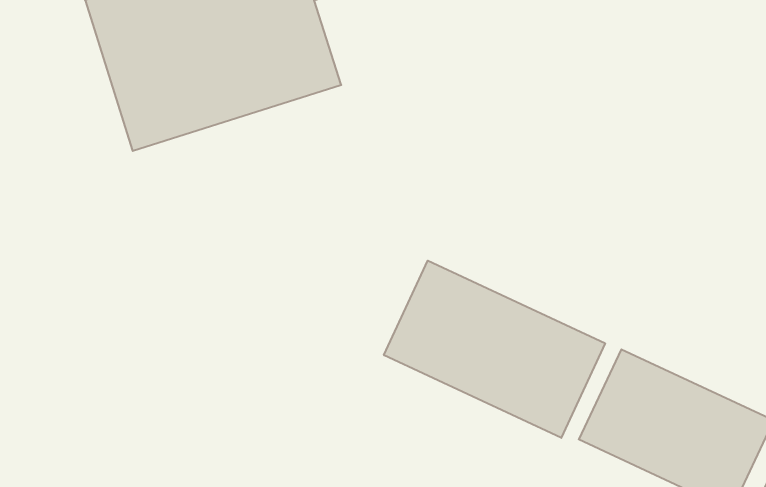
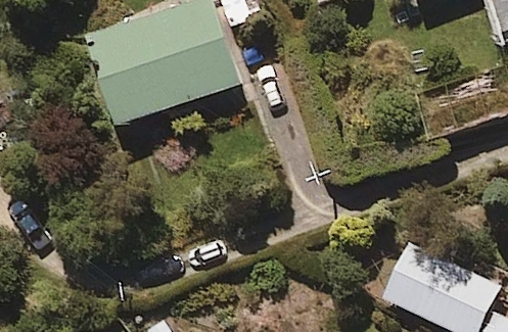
building: [384,261,605,438] -> none

